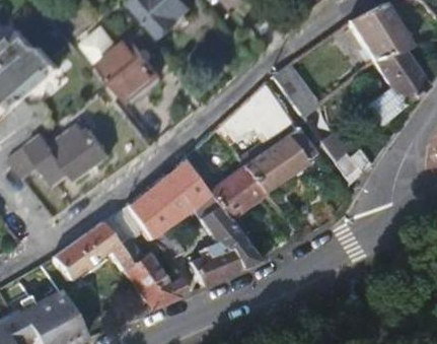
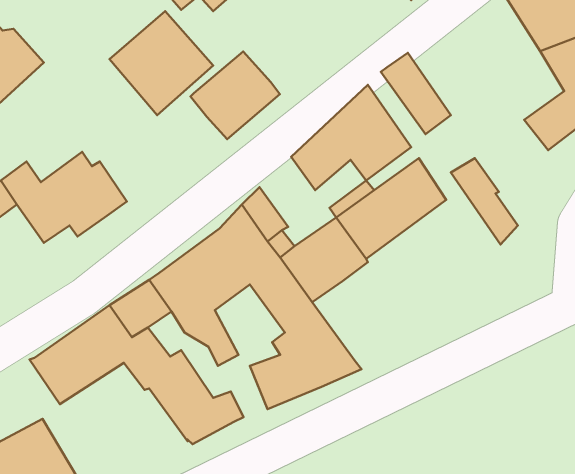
building: none -> [191,51,280,139]

